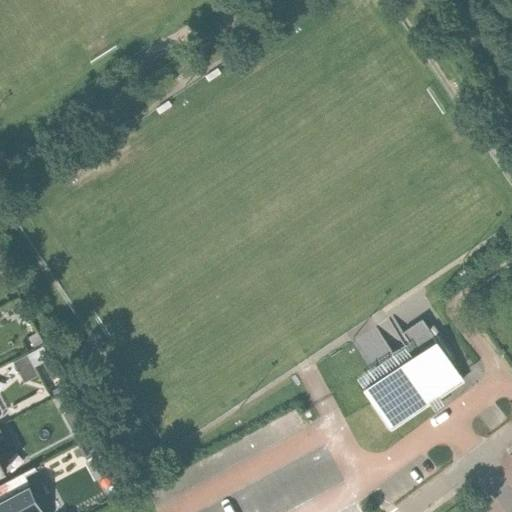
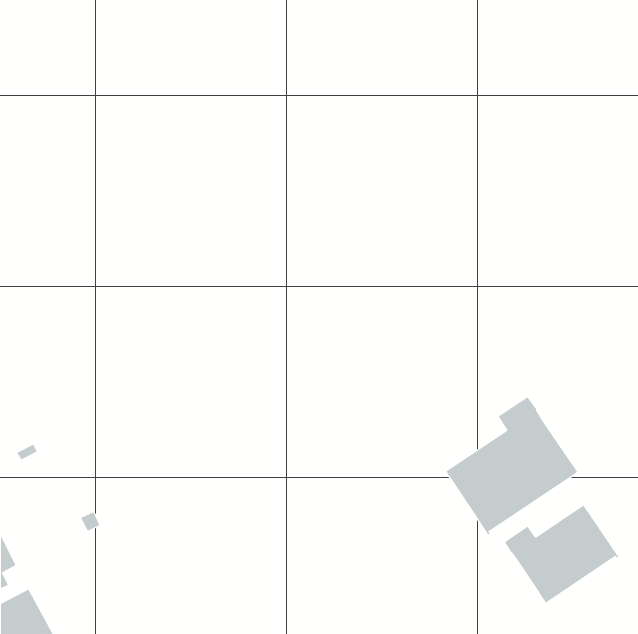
building: none -> [504,505,619,605]

